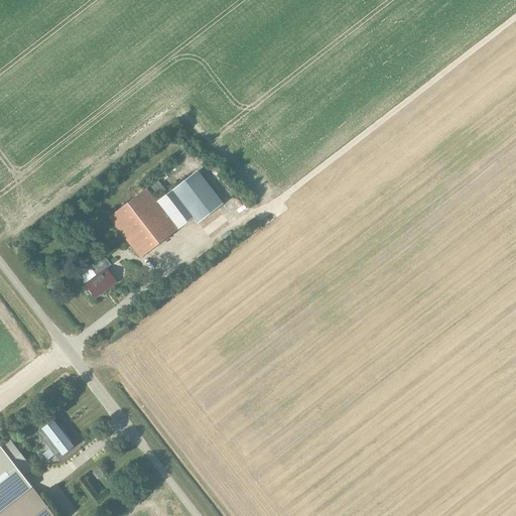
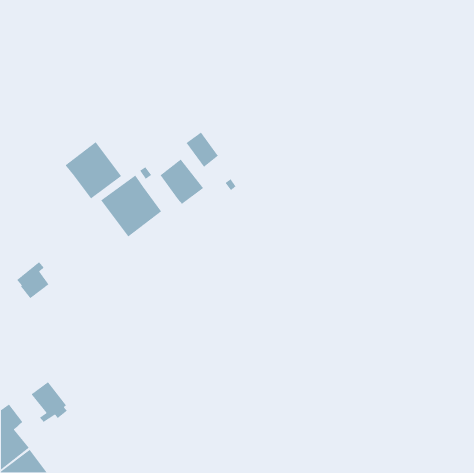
building: none -> [64,141,122,199]
building: [156,190,192,230] -> [185,132,219,168]
building: [80,257,116,298] -> [16,261,49,299]

